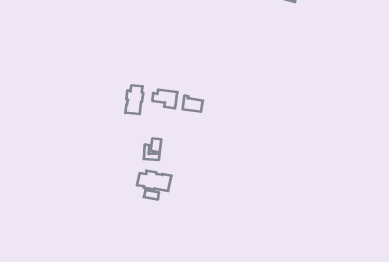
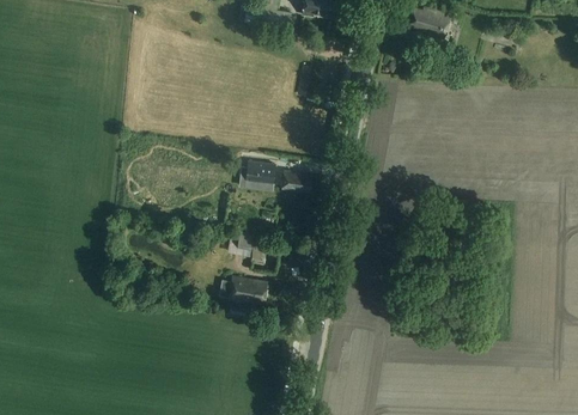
building: [125,85,143,114] -> none

